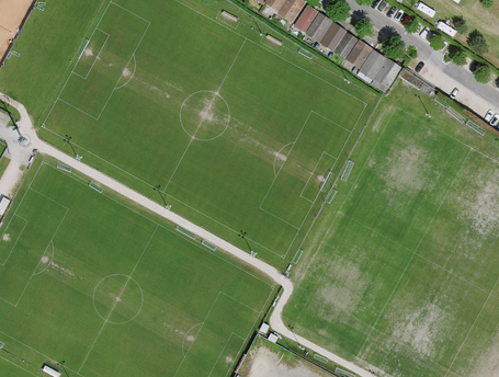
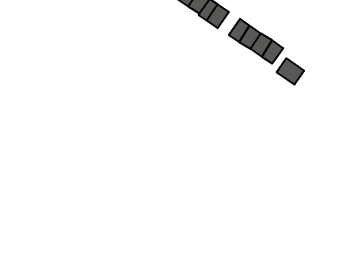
building: [318,22,347,52] -> none
building: none -> [277,58,304,85]

